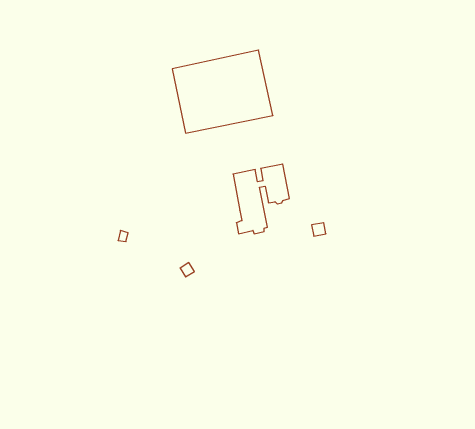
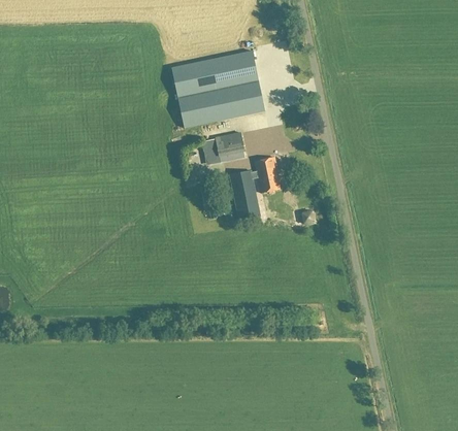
building: none -> [201,132,246,163]

